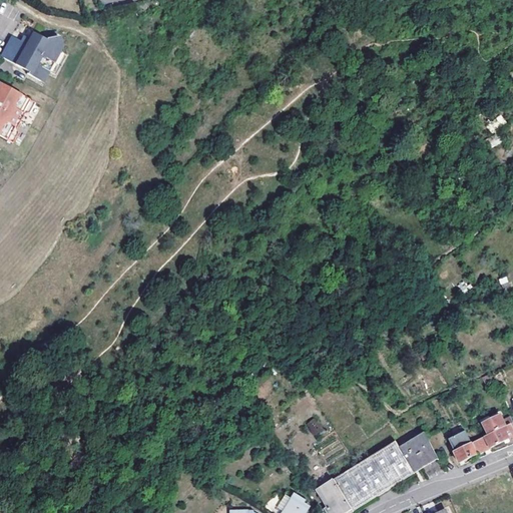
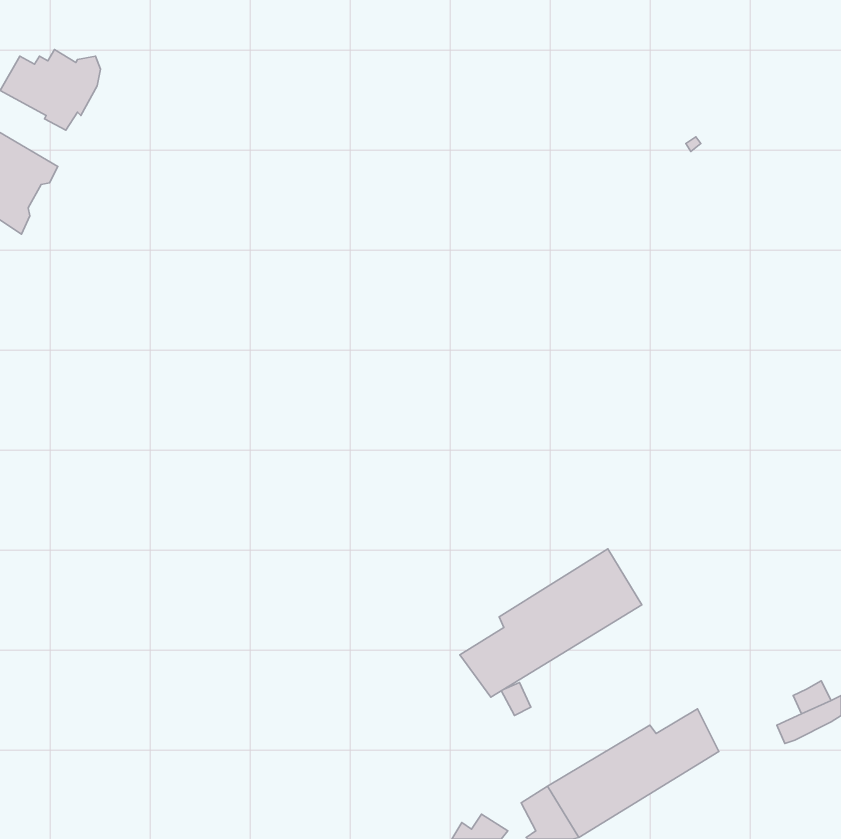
building: none -> [460,549,642,697]
building: [448,430,477,462] -> none

